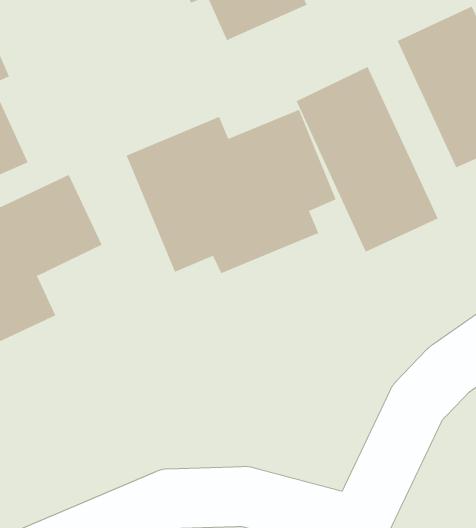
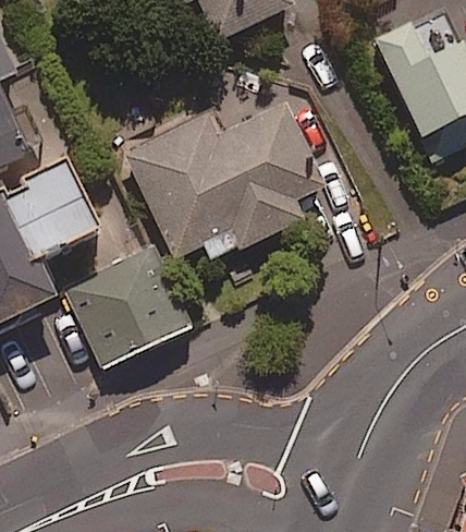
building: [296,66,438,253] -> none
building: none -> [64,245,193,367]

